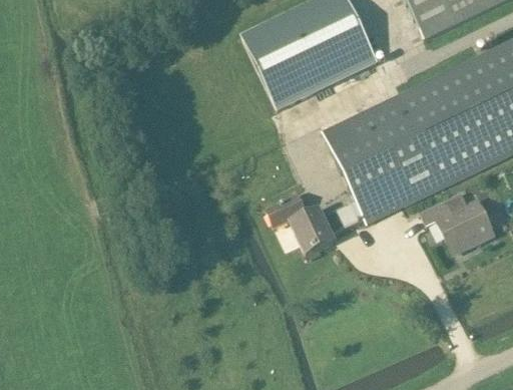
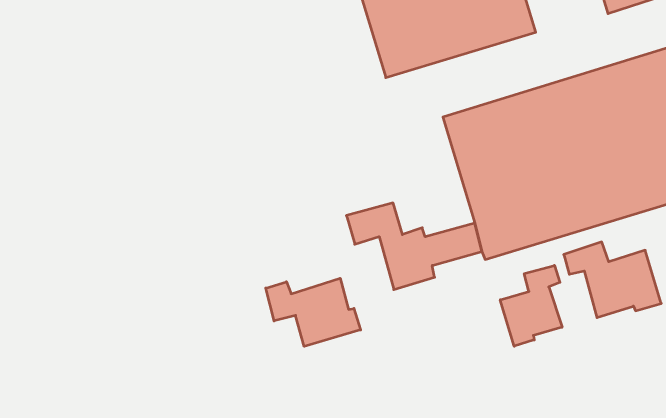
building: none -> [500,265,562,346]
building: none -> [266,278,361,346]

